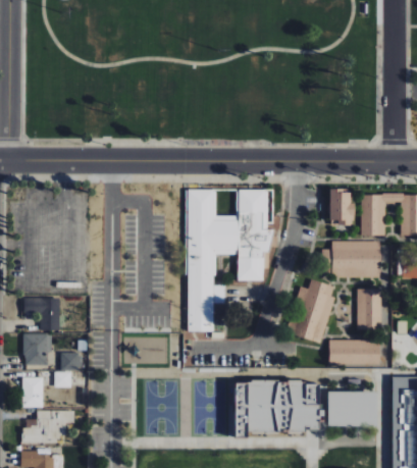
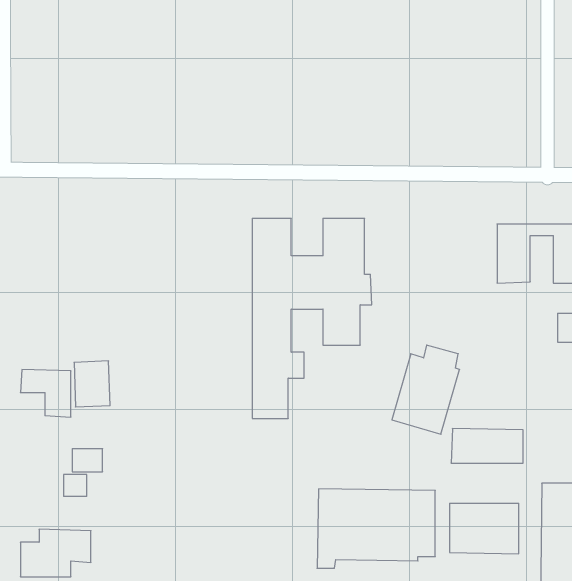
building: [329,189,354,224] -> none
building: [321,241,379,277] -> none
building: [357,289,381,329] -> none
building: [23,332,49,365] -> [74,361,110,407]
building: [22,376,43,407] -> none

